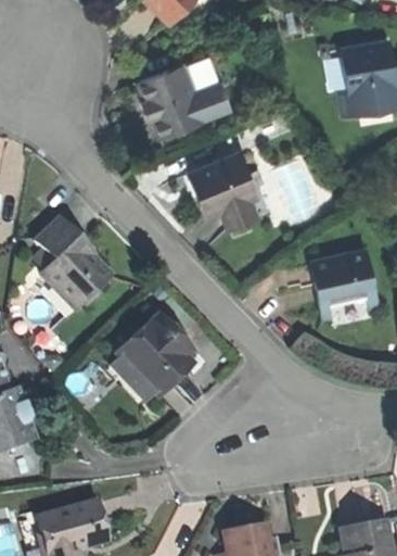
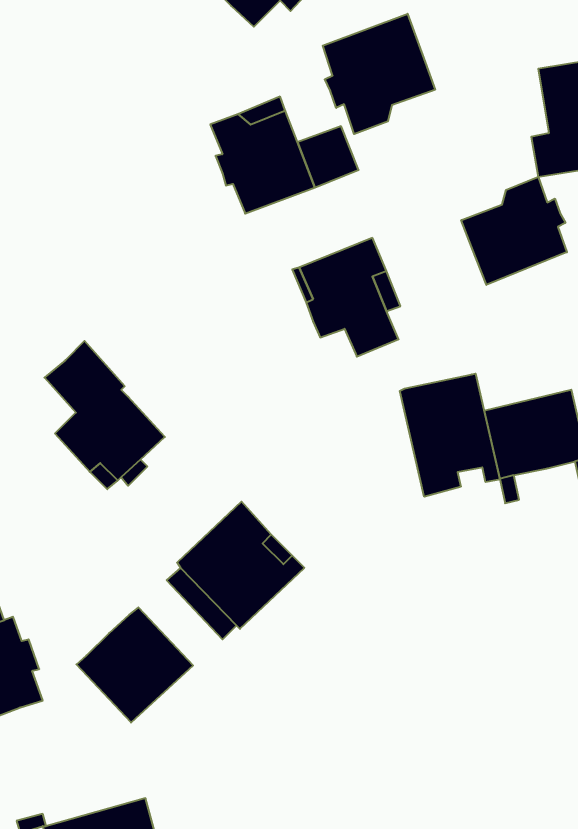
building: none -> [323,14,435,134]
building: none -> [461,177,567,285]
building: none -> [400,374,500,497]
building: none -> [76,607,193,723]

